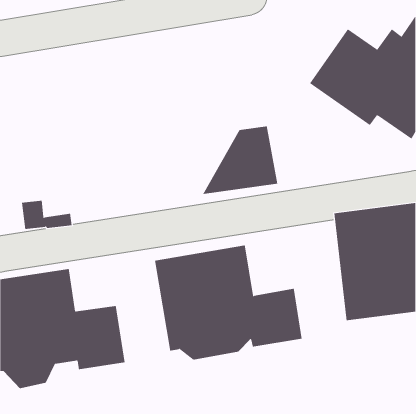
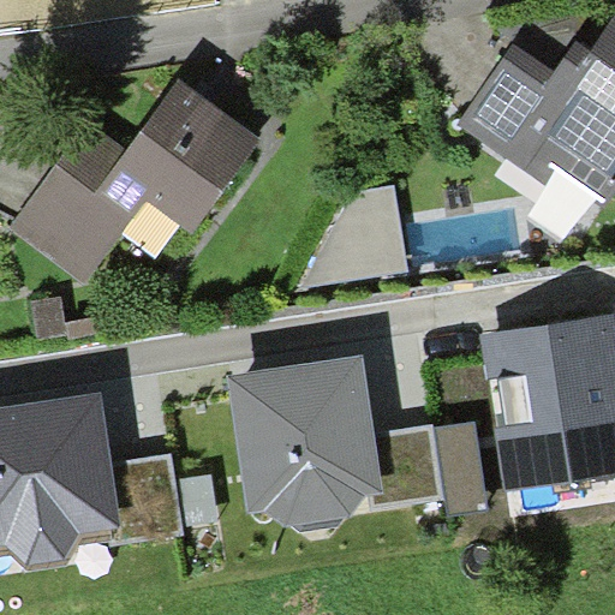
building: none -> [5,83,259,285]

